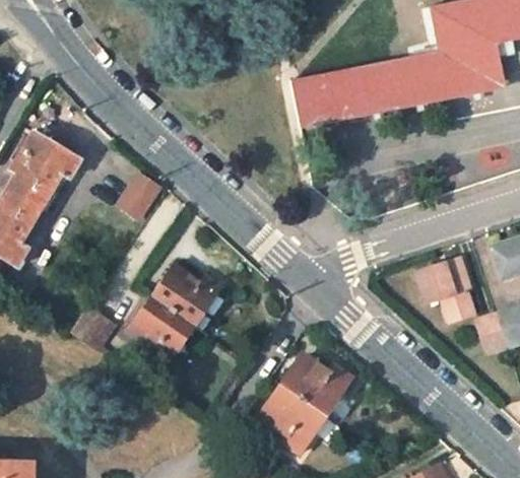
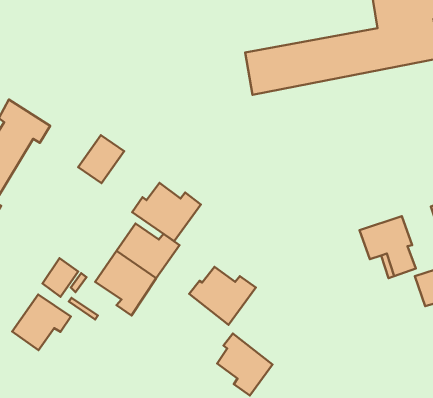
building: none -> [132,183,201,241]
building: none -> [12,294,71,350]
building: [279,354,351,417] -> [189,267,256,325]

